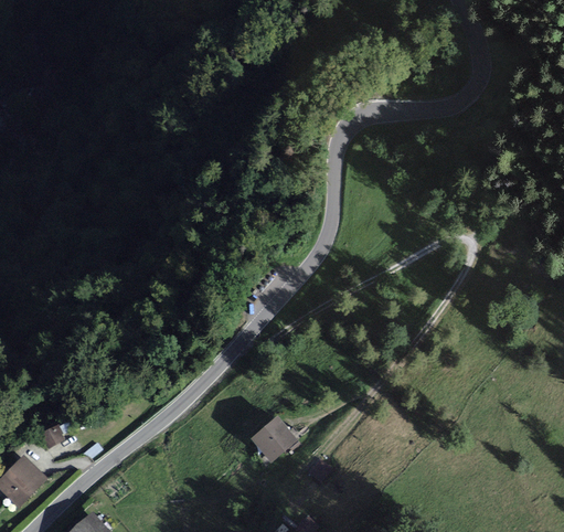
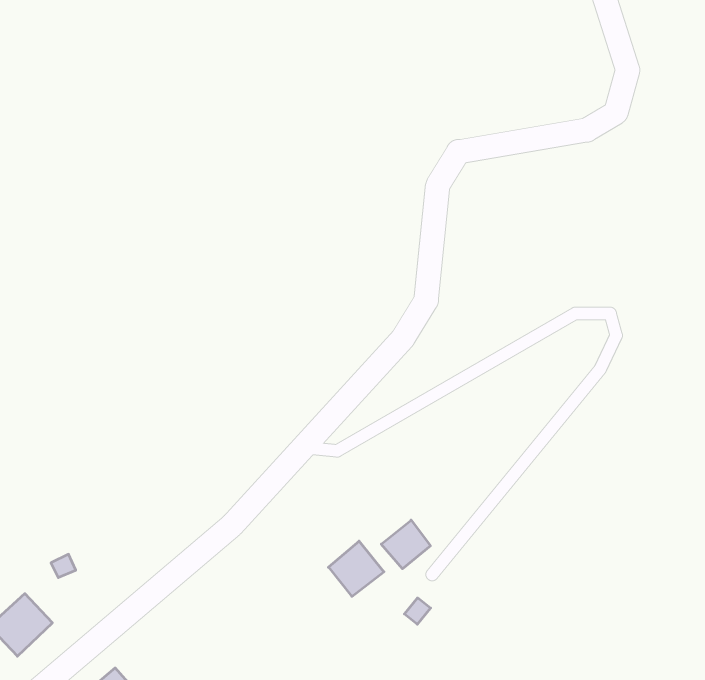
building: none -> [381,520,430,569]

